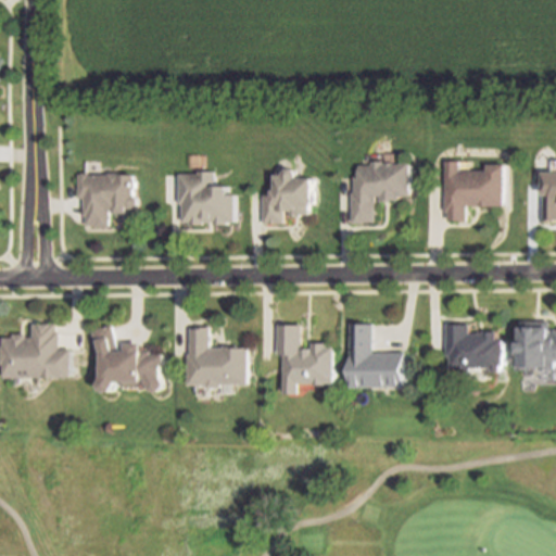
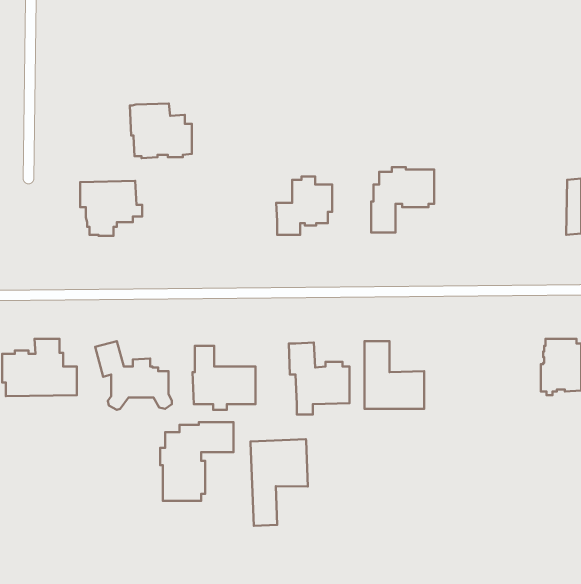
building: [443,160,503,220] -> none
building: [177,172,236,224] -> [130,103,192,158]
building: [442,327,497,372] -> none
building: none -> [160,422,233,501]
building: none -> [251,439,308,526]

